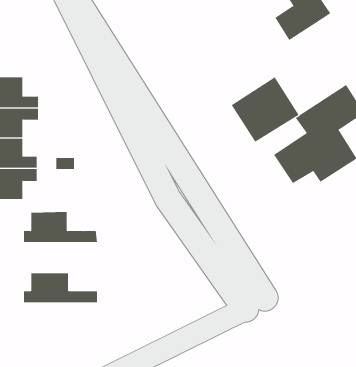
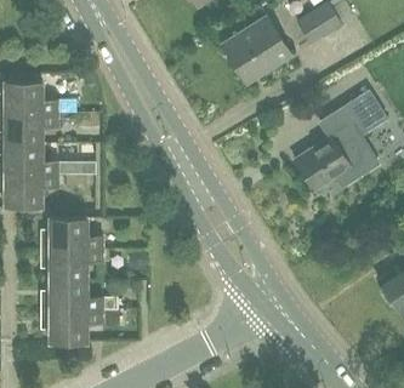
building: [231,76,299,142] -> [222,16,291,82]
building: none -> [42,249,129,279]
building: none -> [42,309,118,342]

